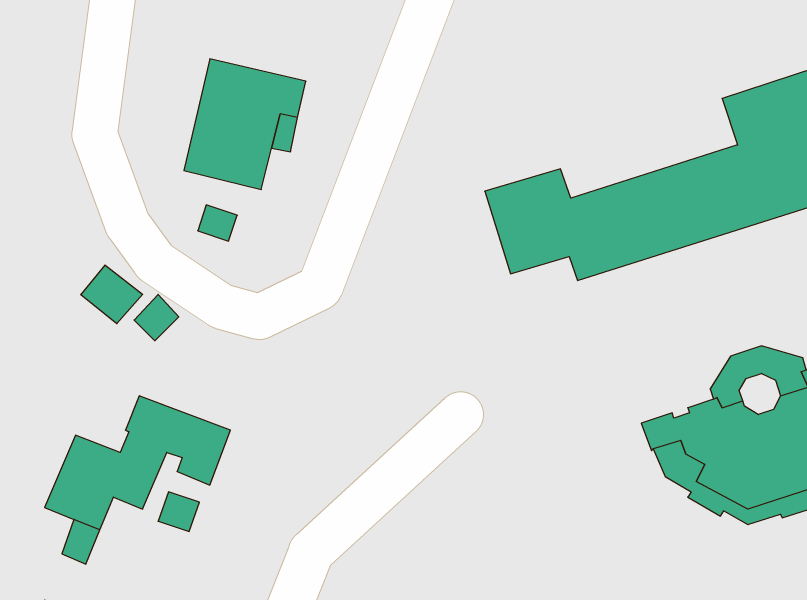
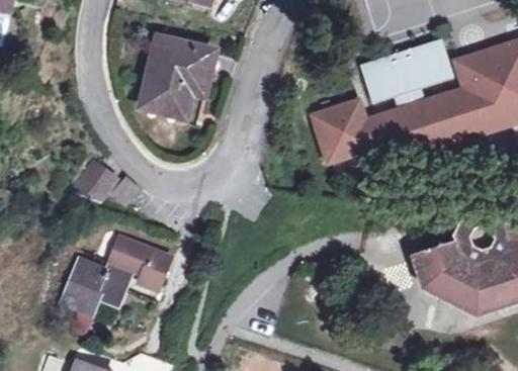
building: none -> [365,38,457,102]

